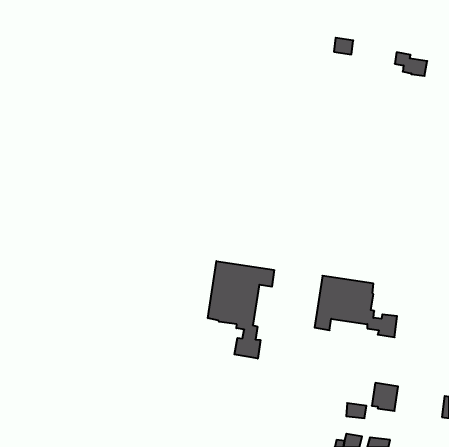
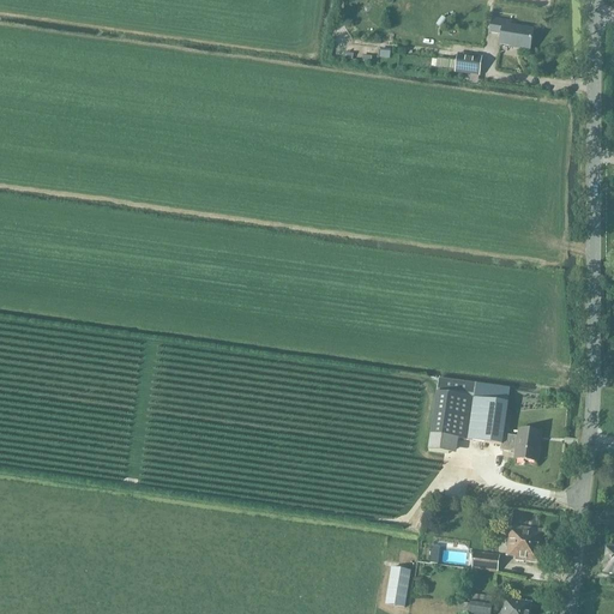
building: [395,52,427,76] -> [489,16,534,48]
building: [208,261,274,359] -> none
building: none -> [386,567,410,606]

